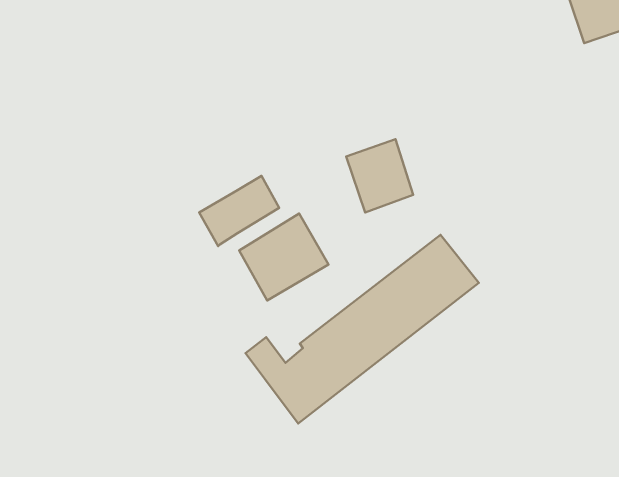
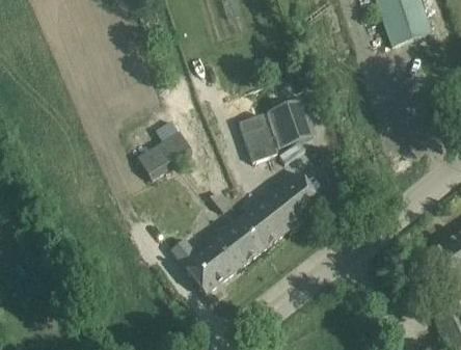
building: none -> [269,98,316,145]
building: [239,213,328,301] -> none

